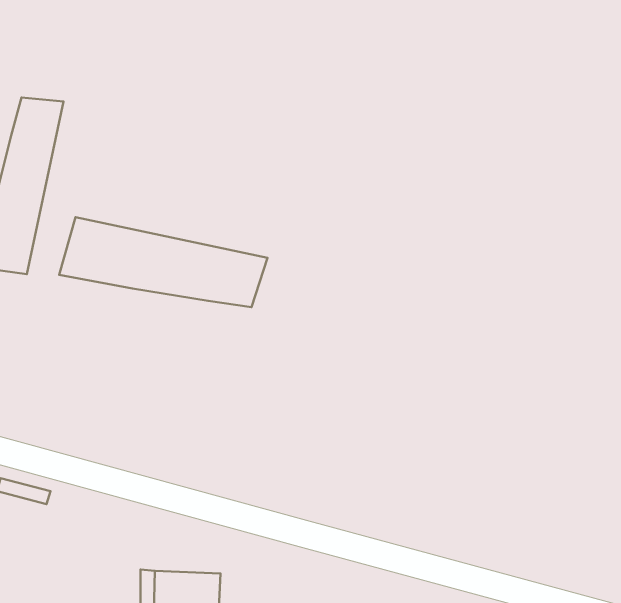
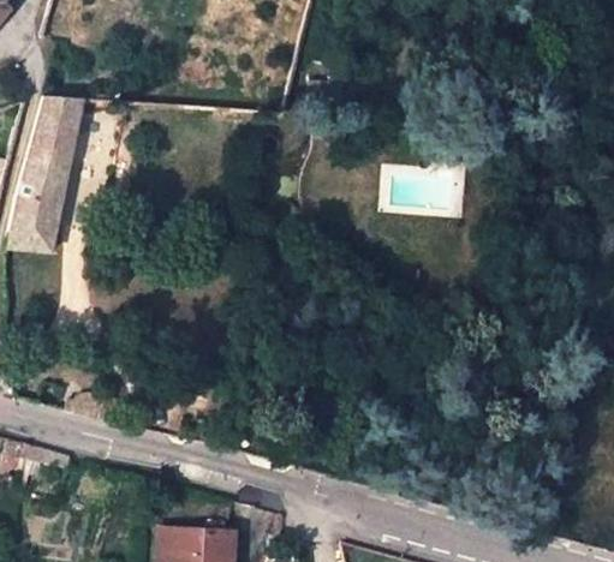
building: [59,217,267,307] -> none

